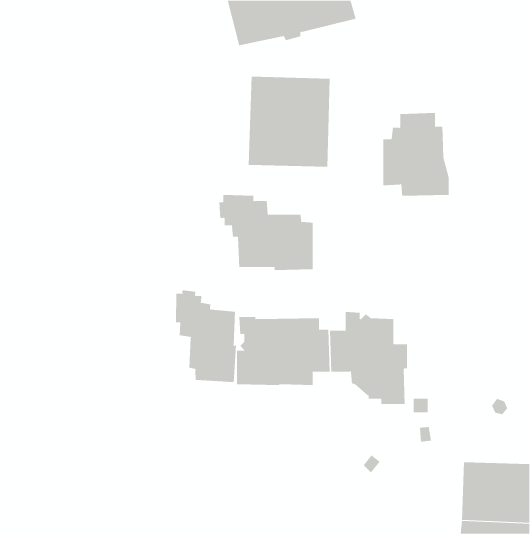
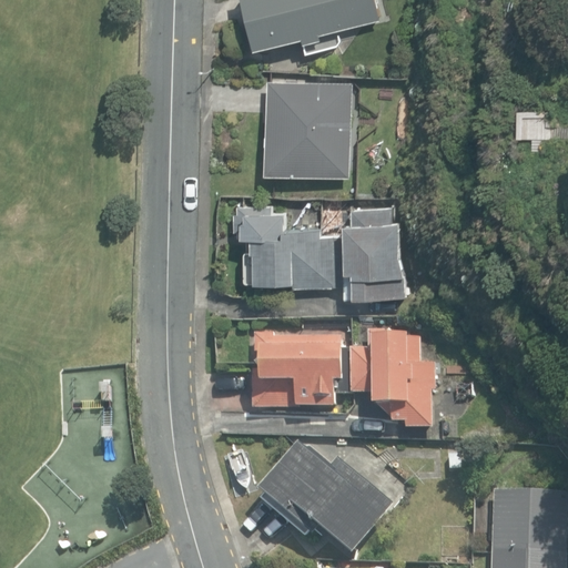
building: [383,113,450,196] -> [333,209,404,297]
building: [175,289,237,383] -> none
building: none -> [255,443,390,555]

